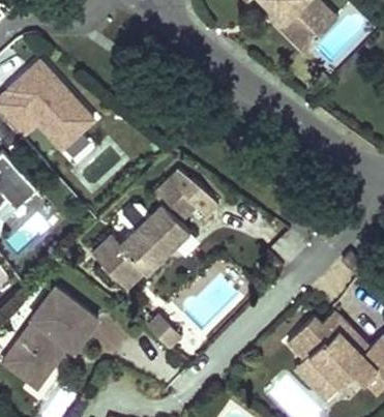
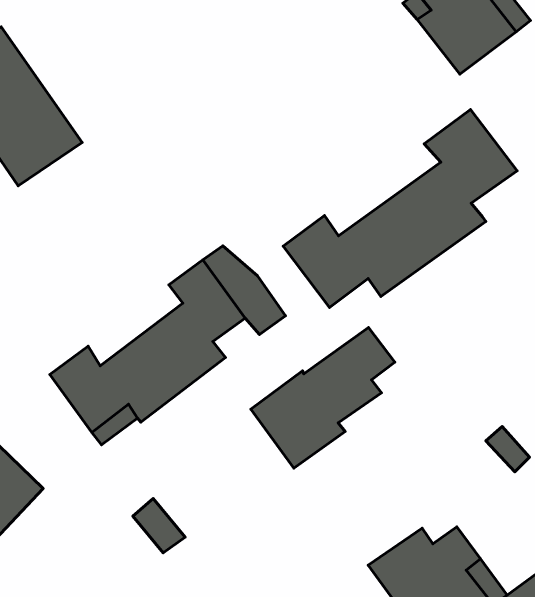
building: none -> [283,110,517,307]
building: none -> [251,328,395,468]

